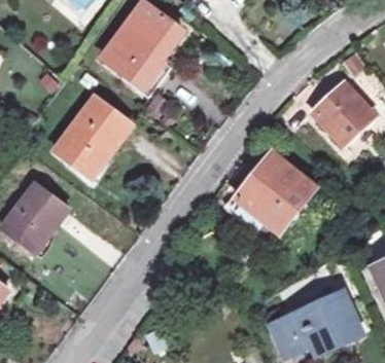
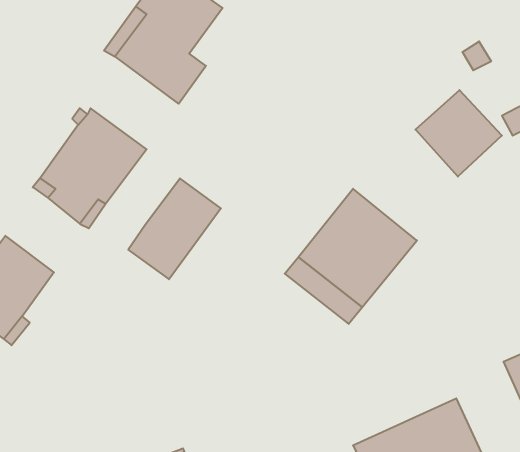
building: none -> [128,178,221,279]

